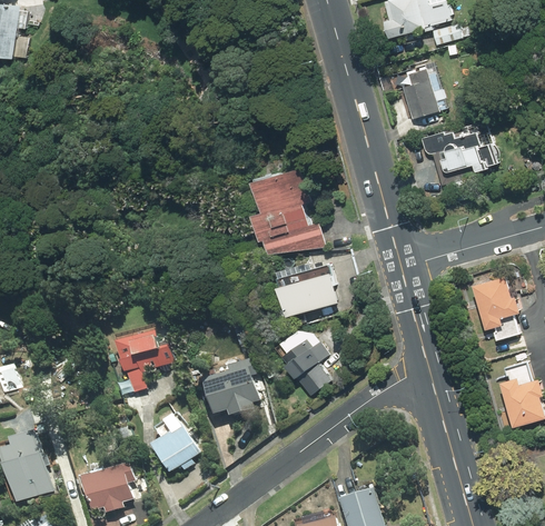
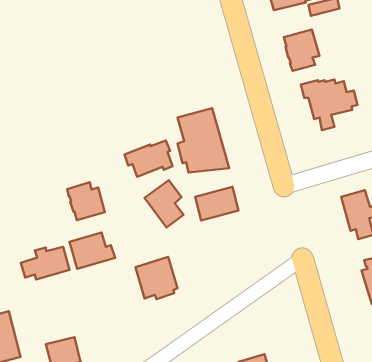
building: none -> [125,140,172,177]
building: none -> [67,182,105,220]
building: [277,334,328,396] -> [145,180,183,228]
building: none -> [21,247,69,279]
building: [151,414,201,475] -> none

